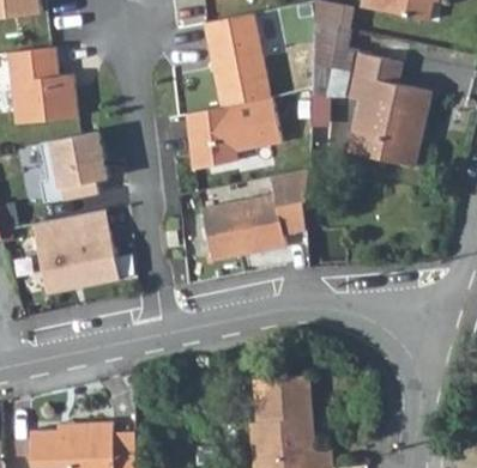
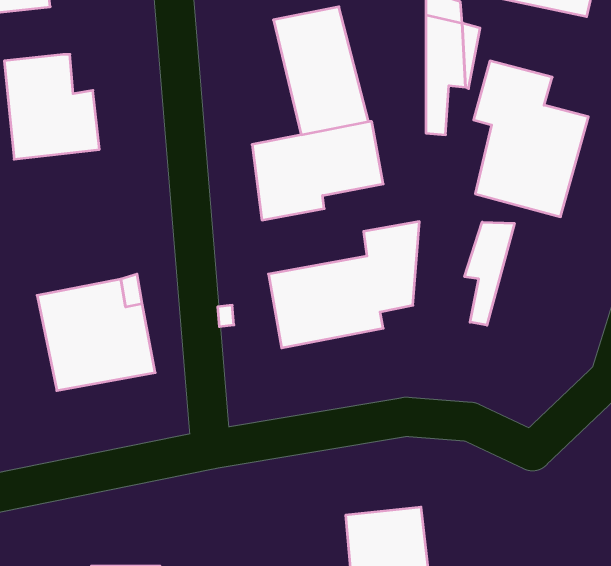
building: [37,130,104,201] -> none
building: none -> [465,222,514,325]

